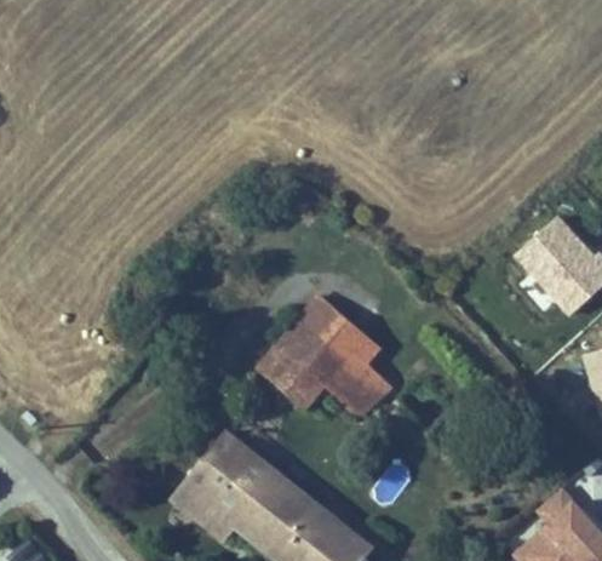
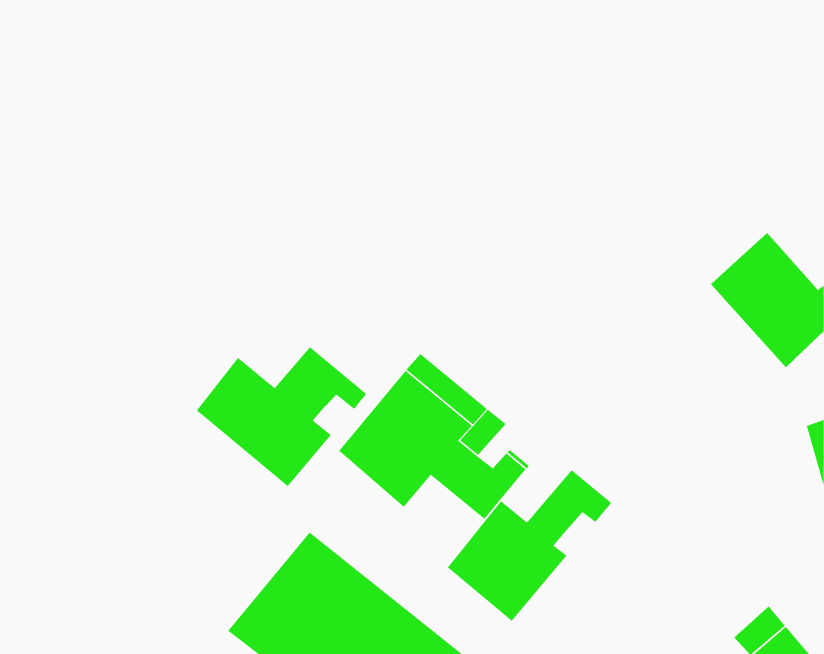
building: none -> [196,346,367,487]
building: none -> [447,469,612,622]

